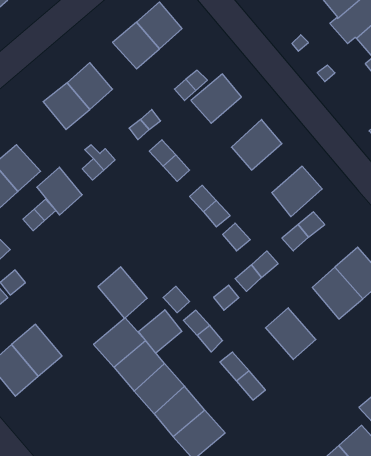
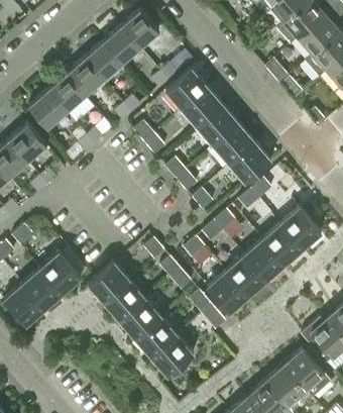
building: none -> [86,42,123,80]
building: none -> [183,86,223,126]
building: none -> [215,123,255,163]
building: [37,167,82,215] -> [30,90,67,128]
building: [98,267,147,319] -> [42,251,82,293]
building: none -> [244,238,284,280]
building: [139,310,182,353] -> none
building: none -> [208,271,248,311]

